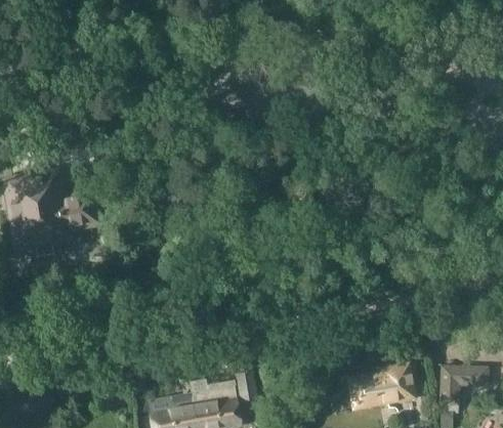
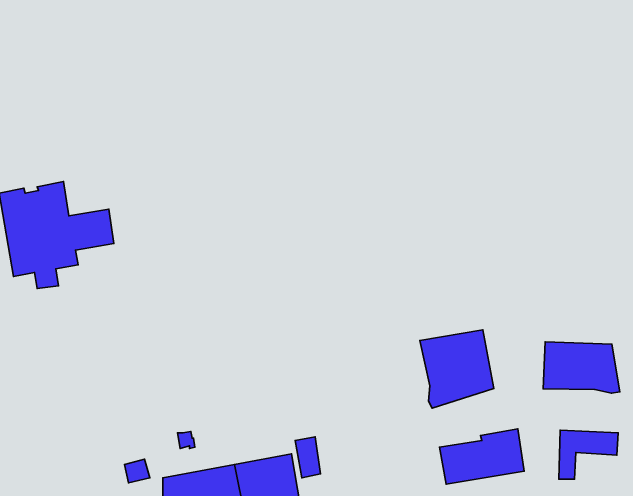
building: none -> [420,330,494,408]
building: none -> [543,342,620,393]

